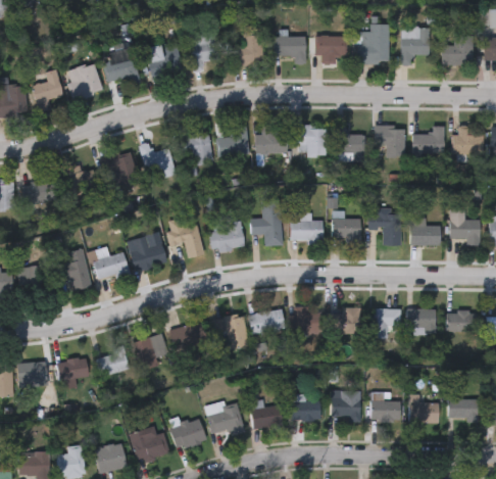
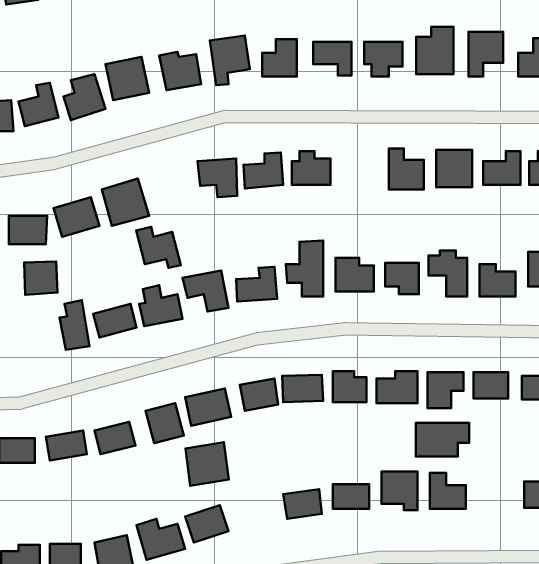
building: [296,126,327,156] -> none
building: [139,143,176,177] -> [136,227,181,268]
building: [21,267,49,294] -> [24,261,58,295]
building: none -> [416,423,469,456]
building: [408,394,438,422] -> none
building: [205,400,241,436] -> [185,442,229,486]

